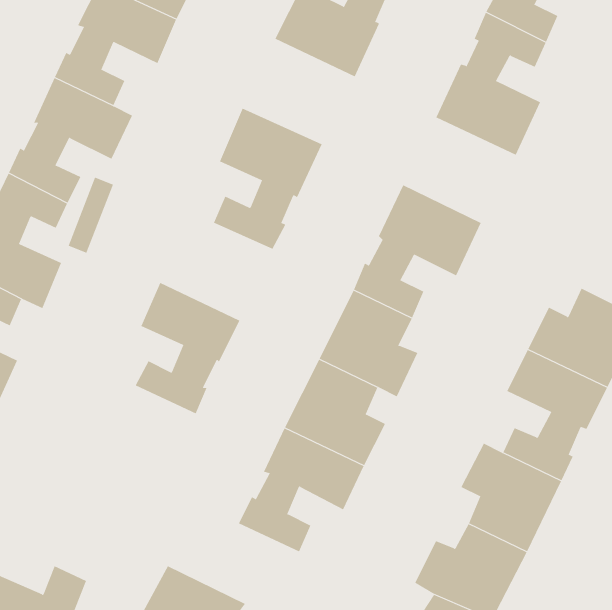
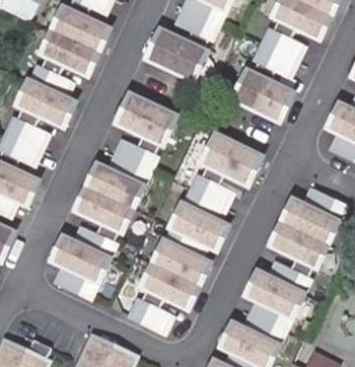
building: none -> [87,155,147,207]
building: none -> [53,236,106,294]

